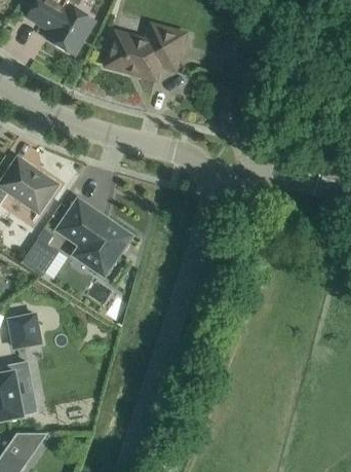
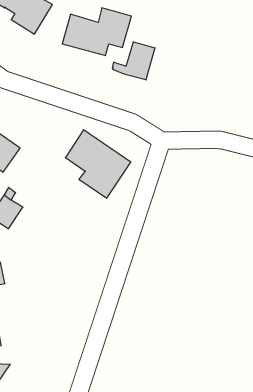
building: none -> [112,42,155,80]
building: [56,198,131,277] -> [65,130,131,198]

